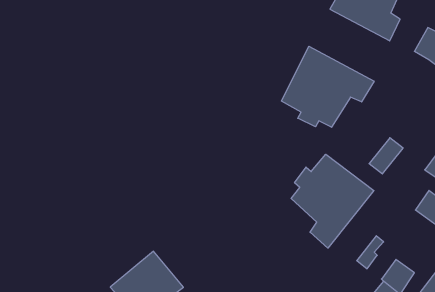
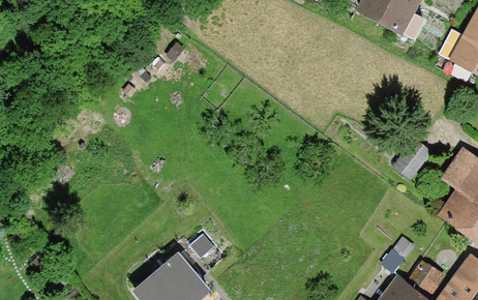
building: [281,46,374,127] -> none
building: [291,154,374,248] -> none

